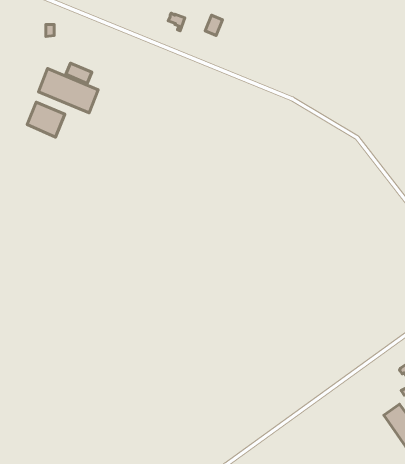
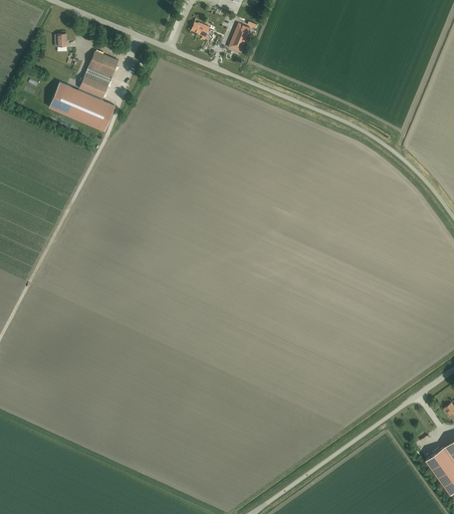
building: none -> [87,51,119,77]
building: [27,102,65,137] -> none

